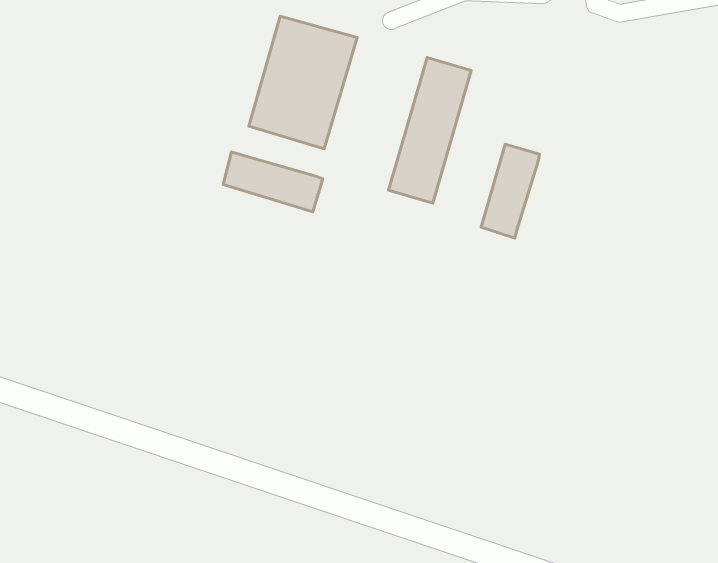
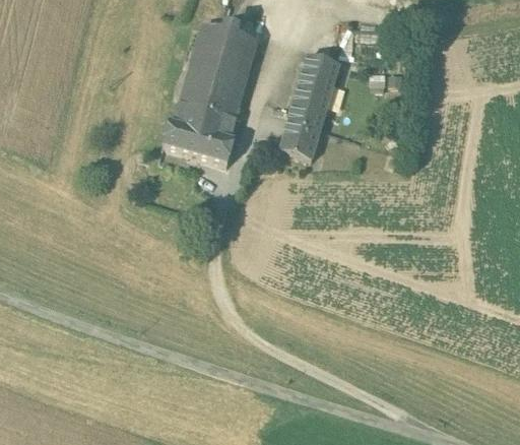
building: none -> [175,99,235,134]
building: [481,144,540,238] -> none

